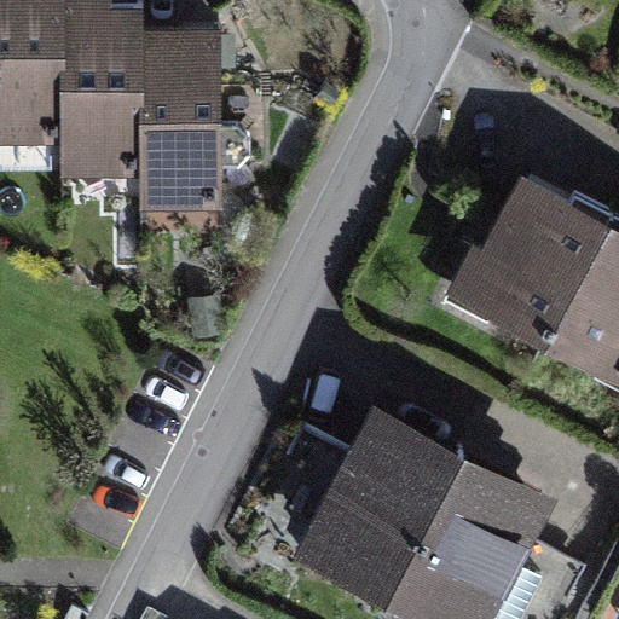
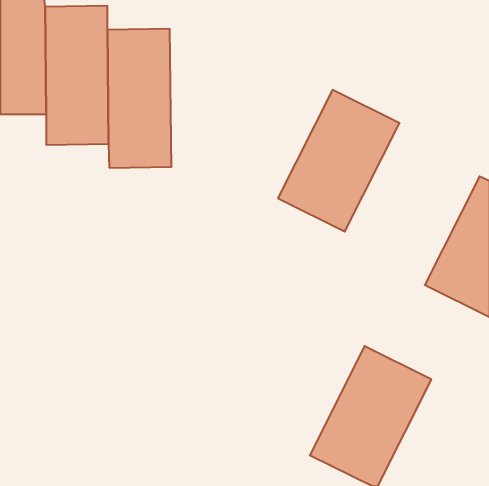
building: [452,180,606,359] -> [278,90,400,232]
building: [307,394,461,574] -> none

